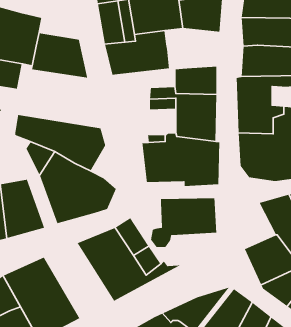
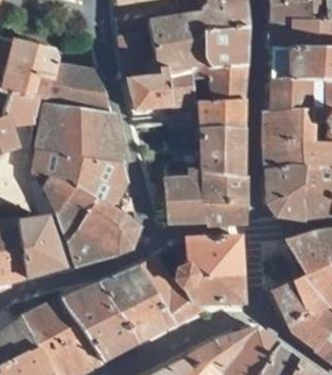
building: none -> [189,62,246,103]
building: none -> [37,104,123,165]
building: none -> [180,273,244,307]
building: none -> [64,284,136,364]

